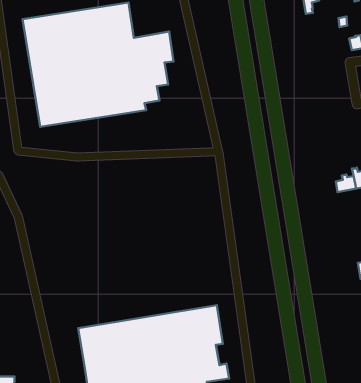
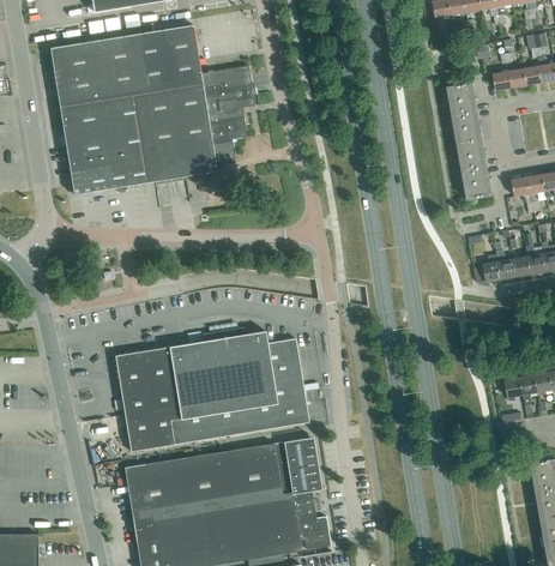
building: none -> [448,83,493,199]
building: none -> [104,327,309,452]

